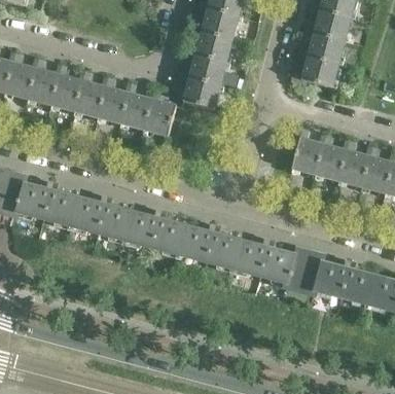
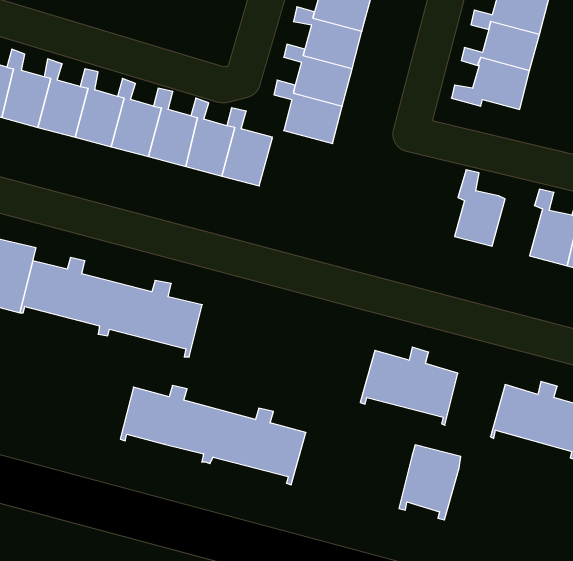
building: [316,132,348,180] -> none
building: [124,210,242,273] -> [120,385,306,485]
building: [286,247,325,294] -> [399,445,461,520]

